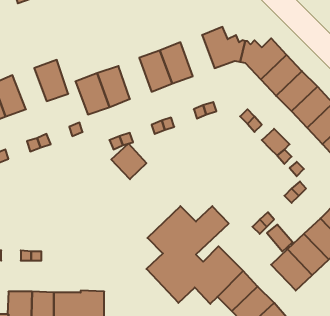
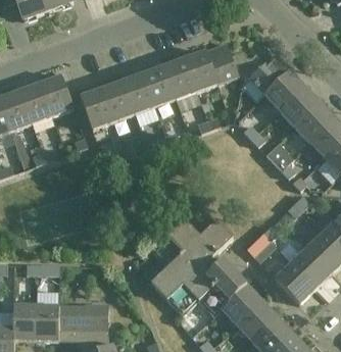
building: none -> [184,50,217,91]
building: none -> [123,72,155,113]
building: none -> [17,83,51,123]
building: [111,144,146,179] -> none

